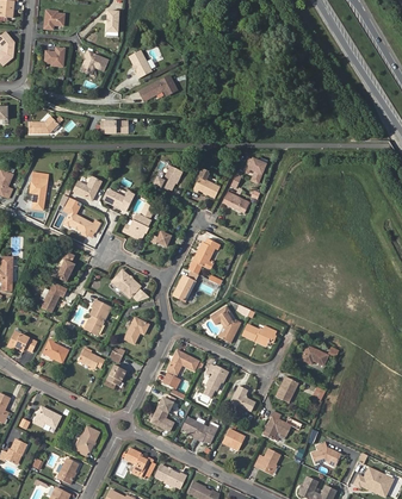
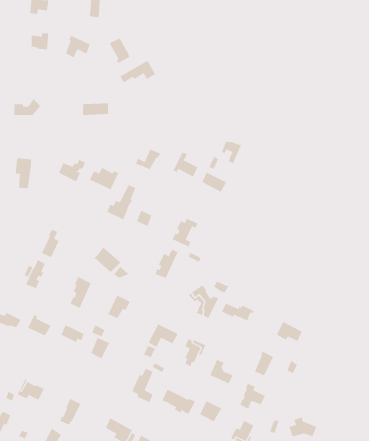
building: [61,197,99,236] -> none

